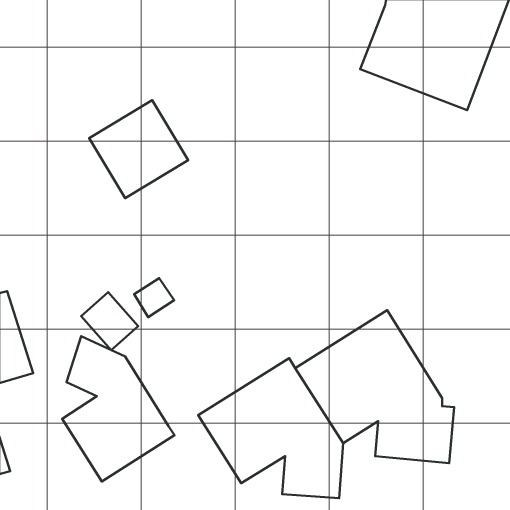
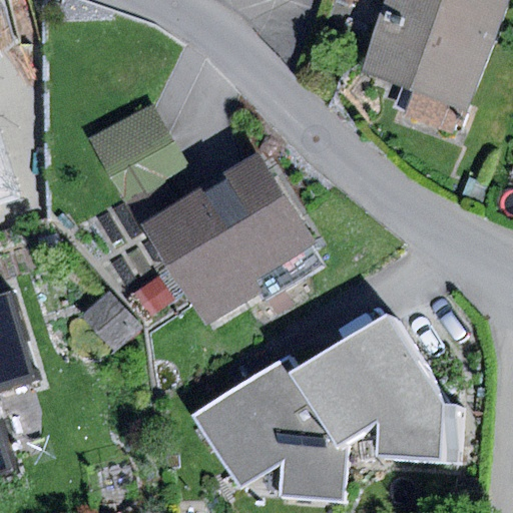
building: none -> [143,154,312,328]
building: [62,336,175,481] -> none

